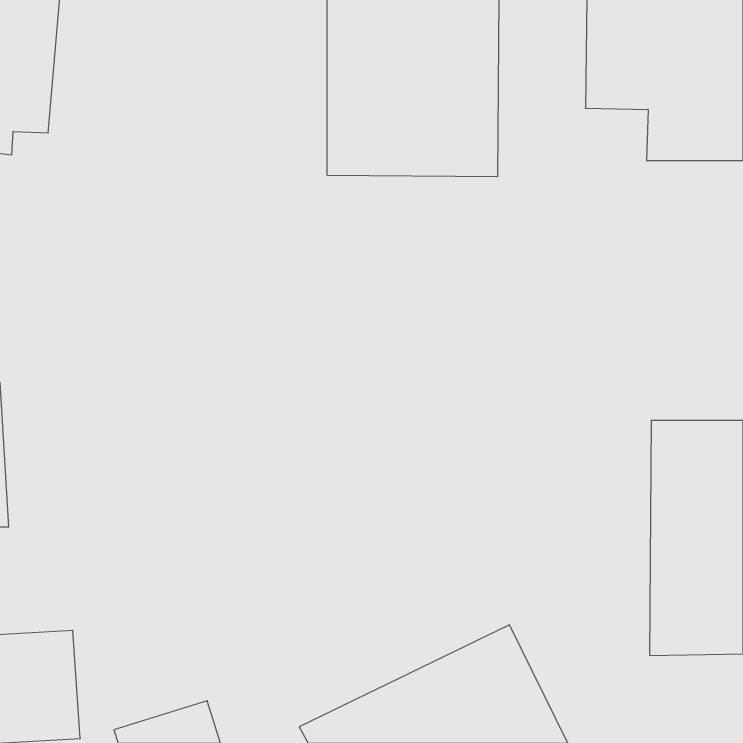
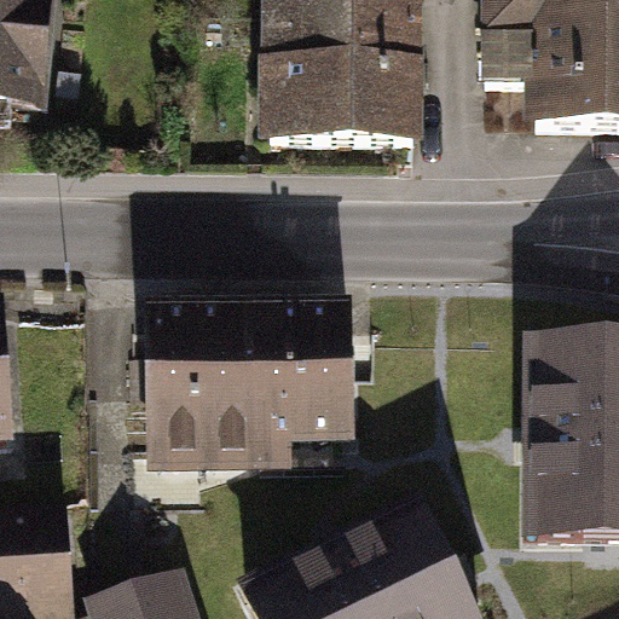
building: none -> [150,318,351,458]

